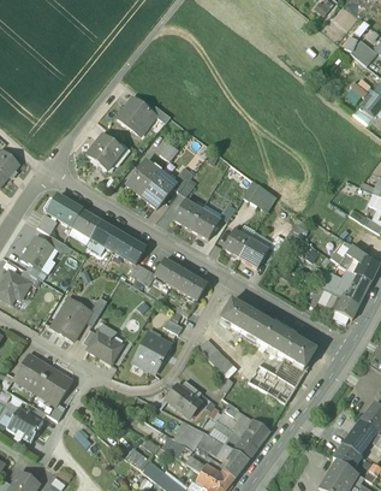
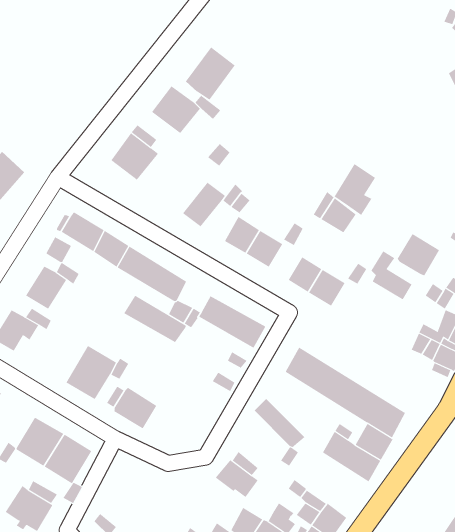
building: none -> [185,46,235,100]
building: none -> [334,163,376,216]
building: [127,159,161,195] -> none
building: none -> [396,233,440,276]
building: none -> [124,295,186,343]
building: [133,331,172,372] -> none

